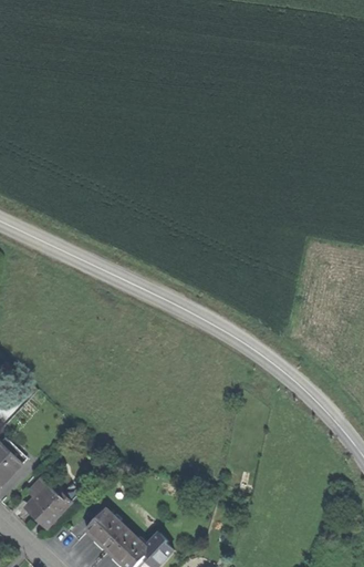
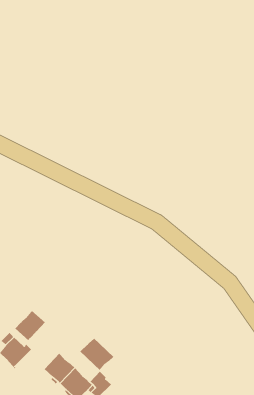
building: none -> [14,310,46,341]
building: none -> [80,338,114,371]

